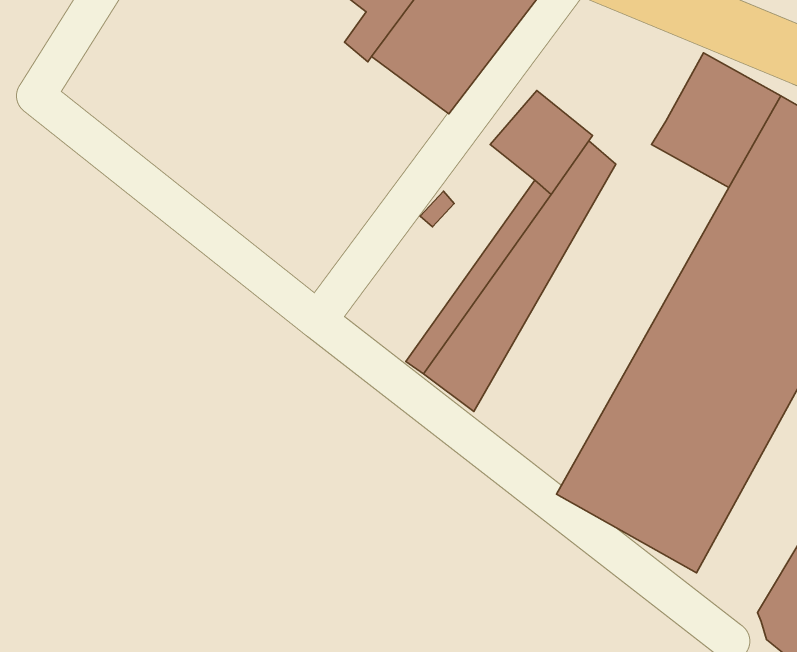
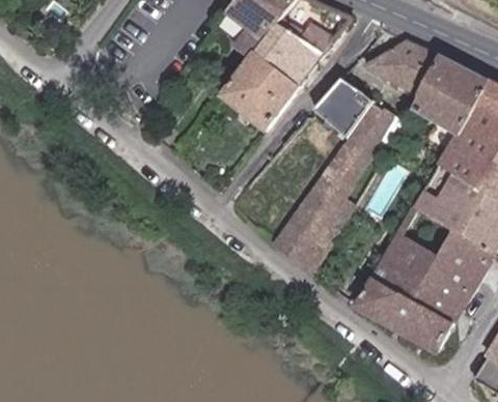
building: none -> [365,36,443,92]
building: none -> [218,55,296,133]

